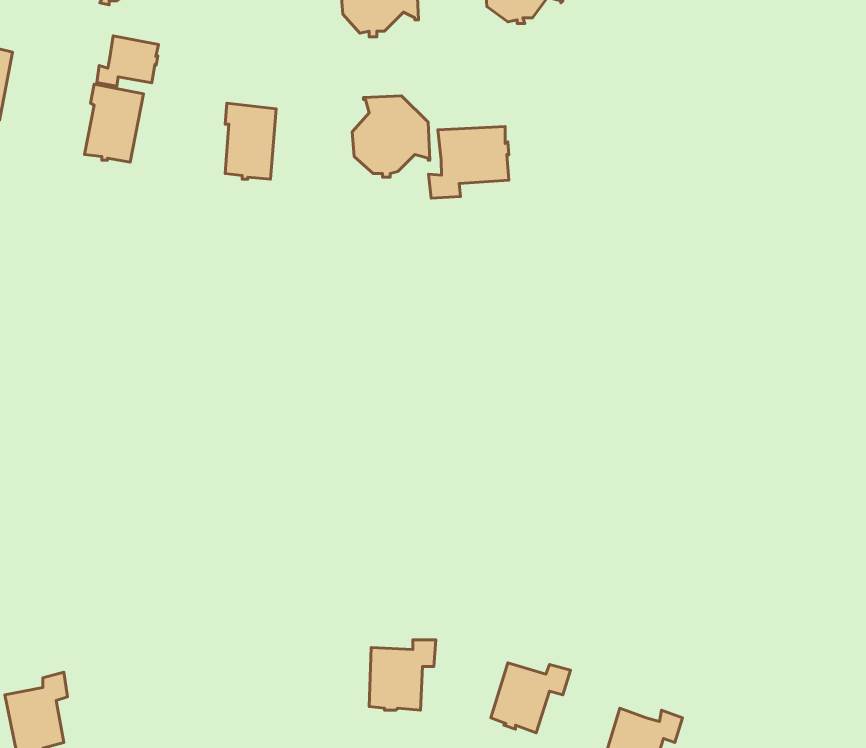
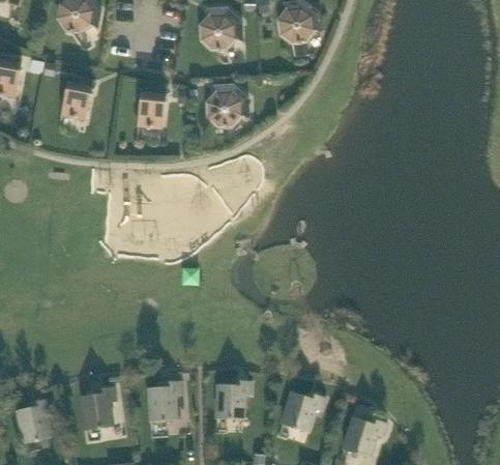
building: [97,36,159,86] -> none
building: [429,127,509,198] -> none
building: none -> [147,379,181,419]
building: none -> [81,385,115,428]

